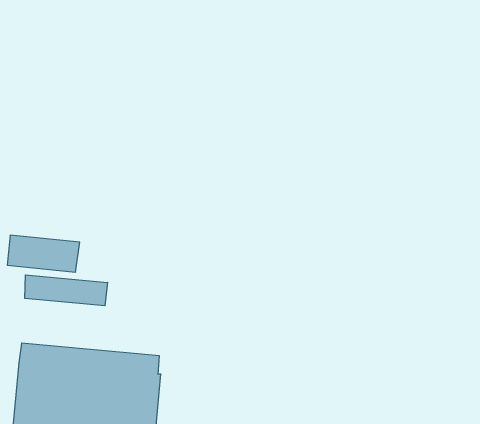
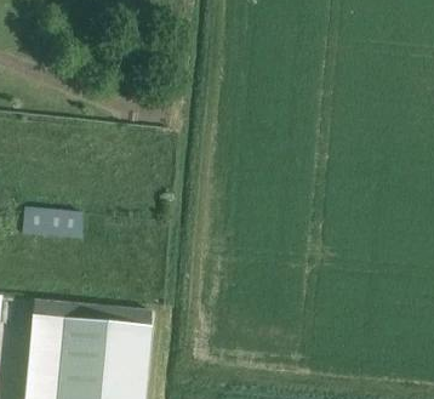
building: [25,275,107,306] -> none

